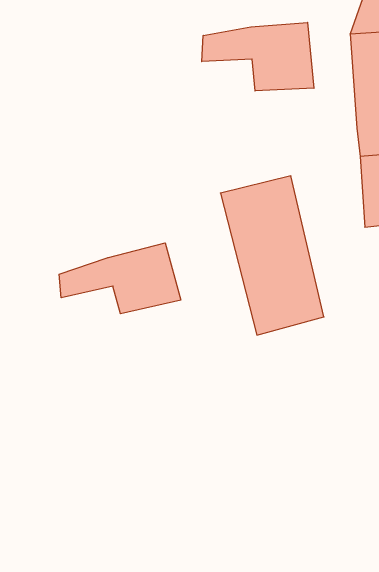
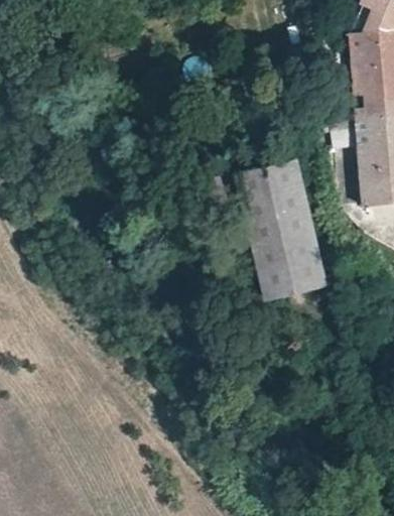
building: [202,22,314,91] -> none
building: [59,243,181,314] -> none

